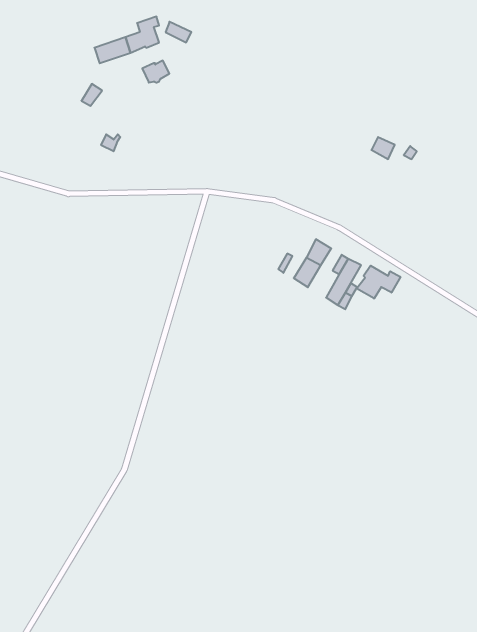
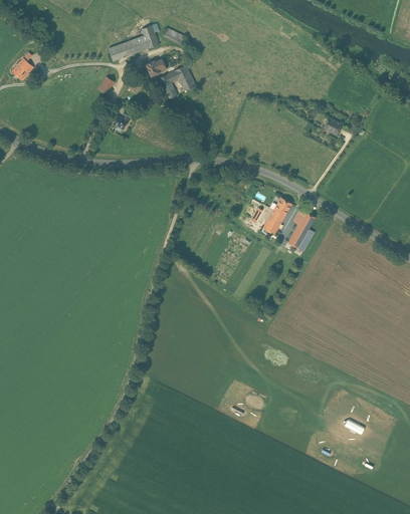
building: none -> [160,64,196,98]
building: [356,266,400,299] -> none

